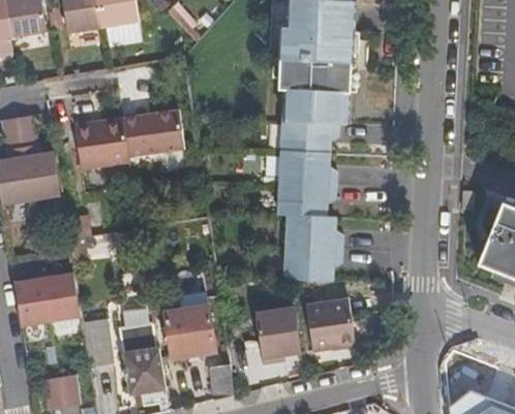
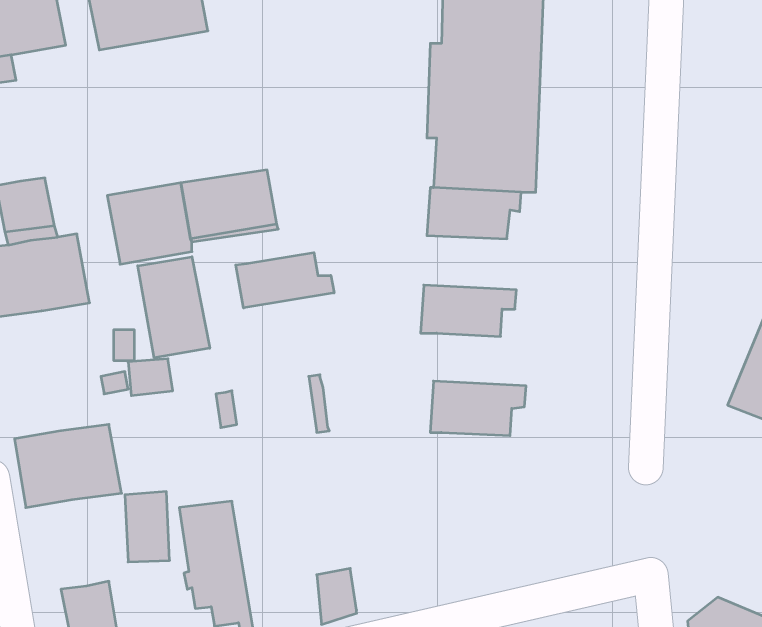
building: [278,154,339,189] -> none
building: none -> [236,253,334,308]
building: none -> [138,257,210,358]
building: [284,217,345,251] -> none
building: [162,292,212,357] -> none
building: [308,300,357,350] -> none
building: [258,310,302,358] -> none

